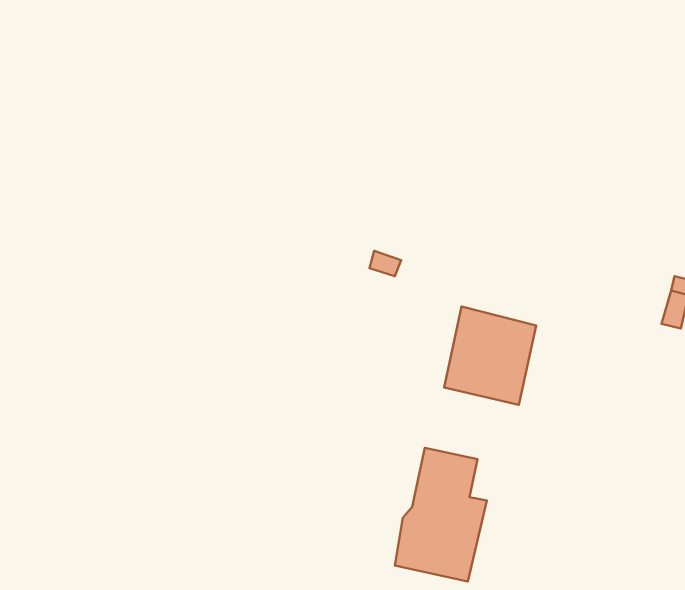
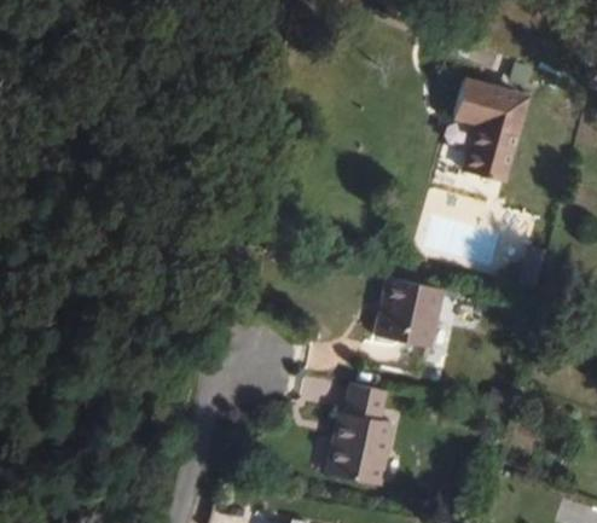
building: none -> [462,81,532,178]

